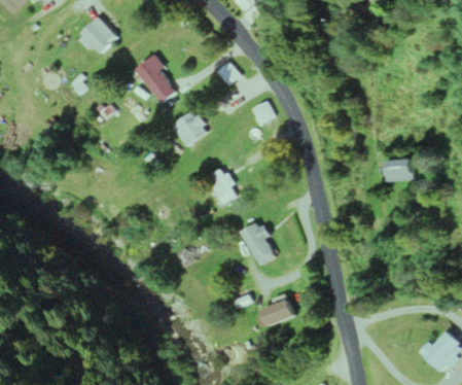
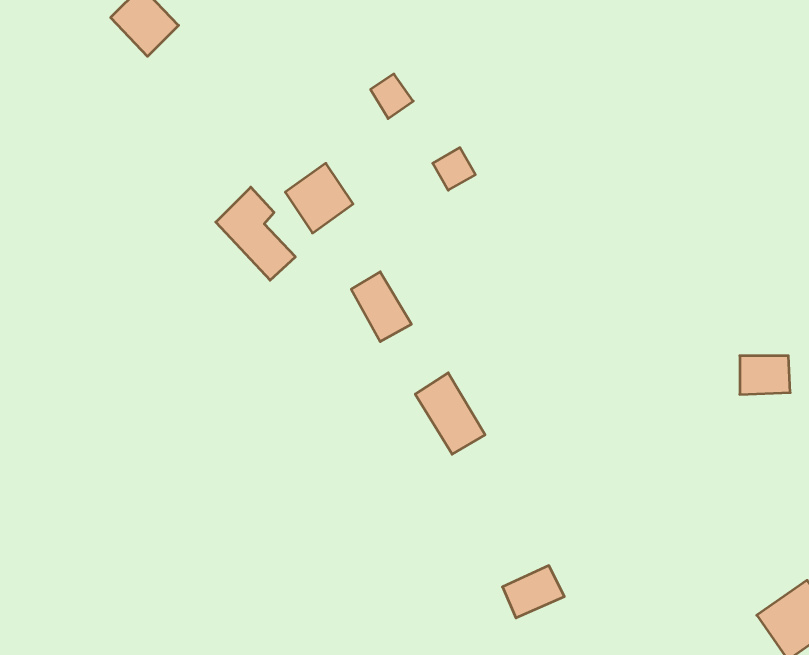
building: [133,54,175,103] -> [216,187,295,280]
building: [386,161,413,181] -> [740,356,790,394]
building: [260,299,293,326] -> [502,566,564,618]

